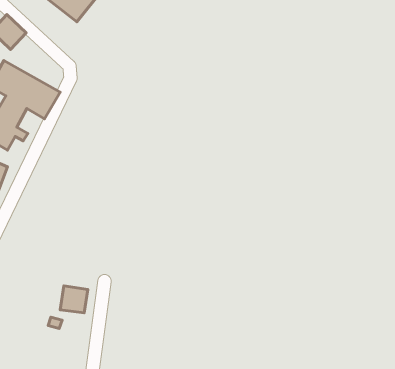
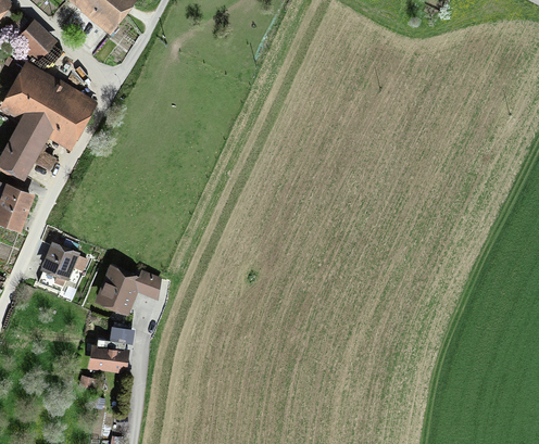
building: none -> [37,244,85,290]
building: none -> [98,265,160,309]

